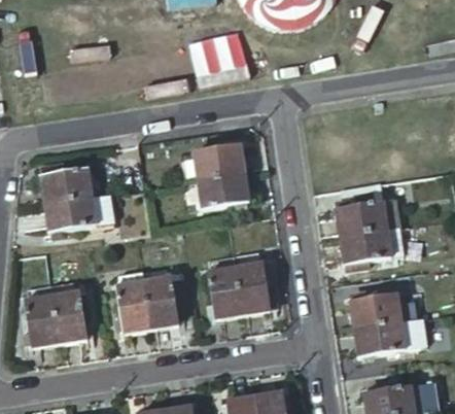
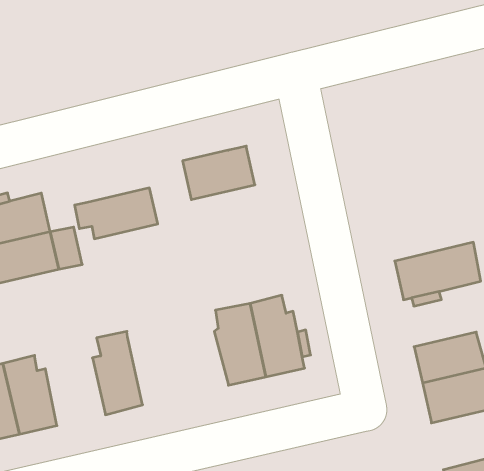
building: [188,173,248,207] -> [75,188,158,239]
building: [338,182,400,237] -> none
building: [142,274,177,327] -> none

